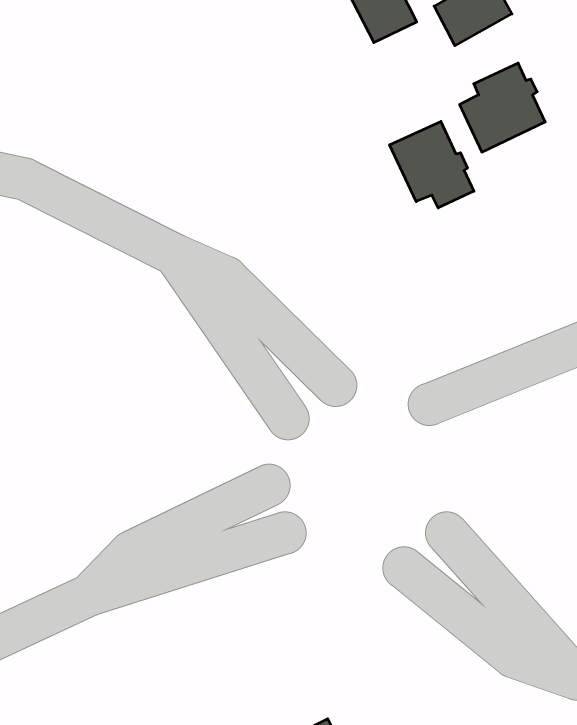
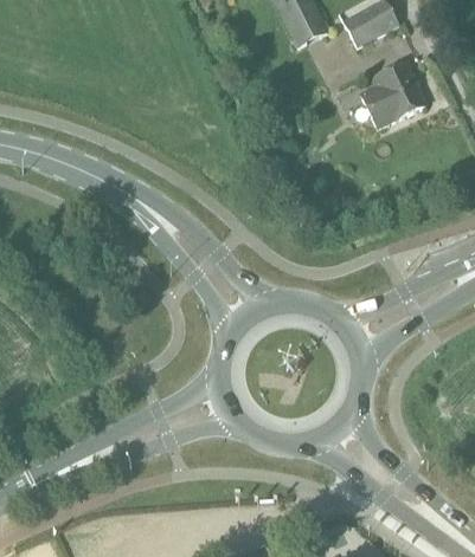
building: [390,121,474,208] -> none

